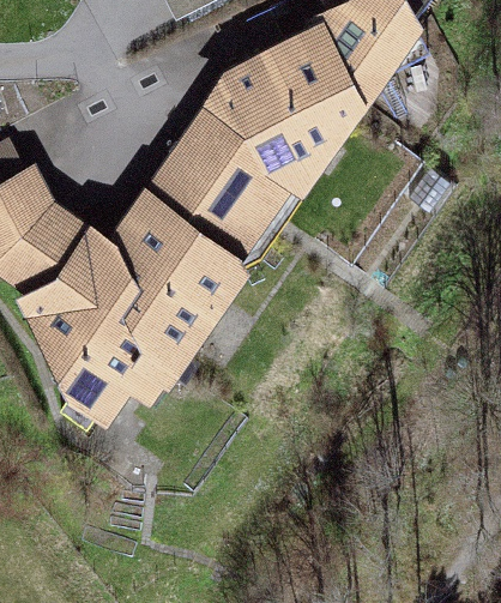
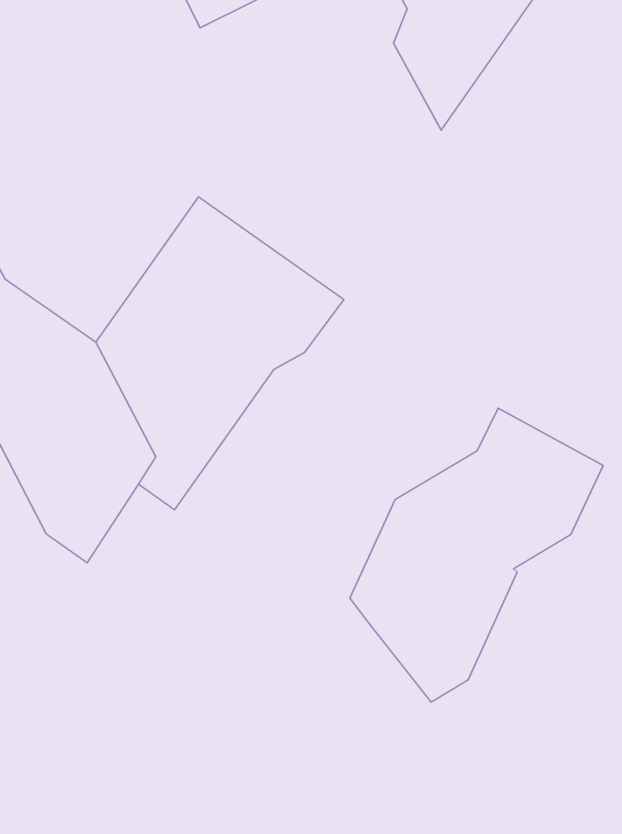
building: [183,34,354,213] -> none
building: none -> [350,408,603,702]

